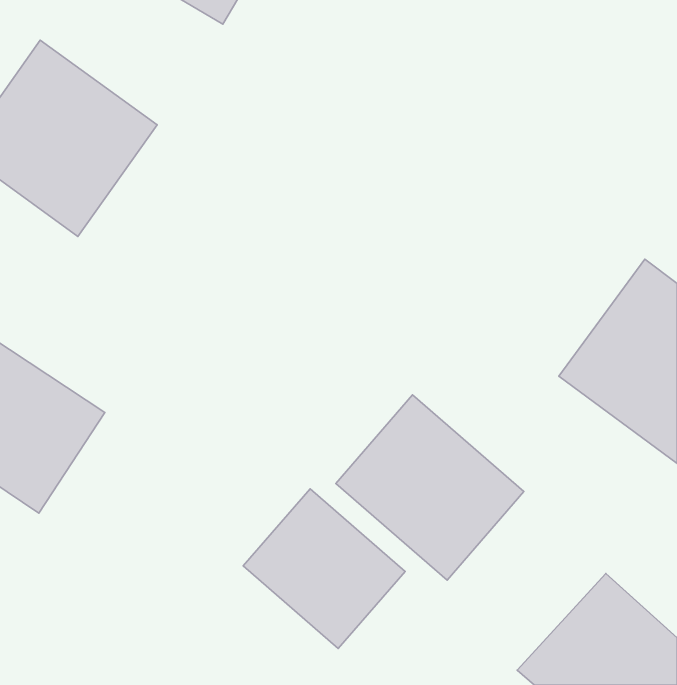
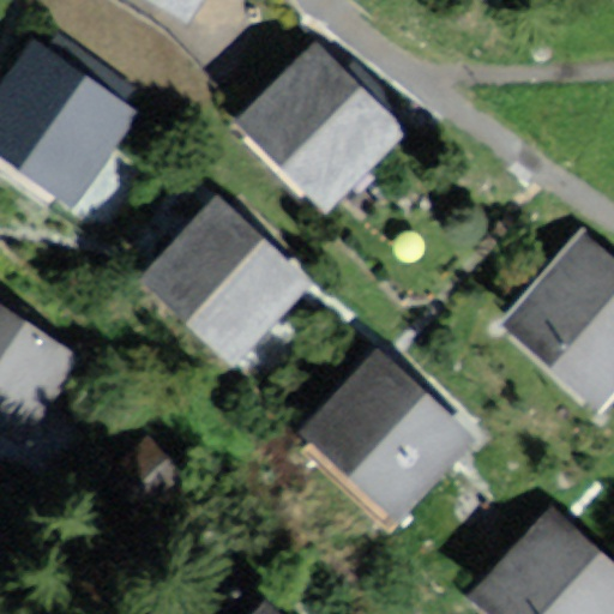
building: none -> [240,37,419,213]
building: none -> [152,203,313,360]
building: [243,489,405,648] -> none

